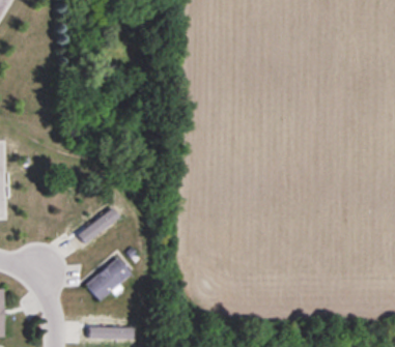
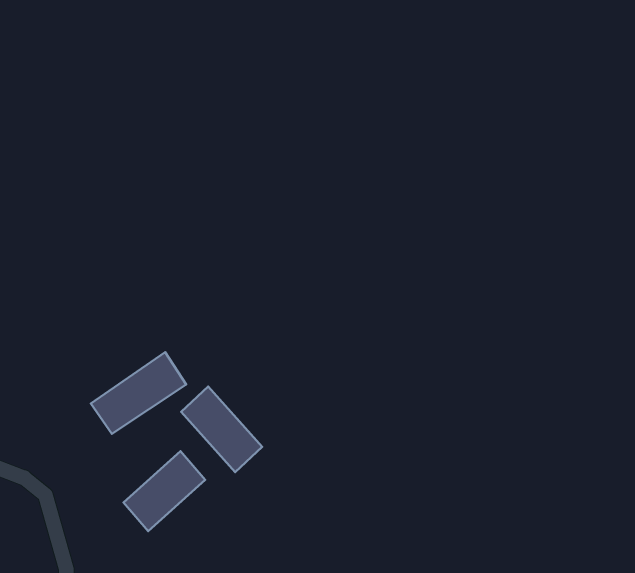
building: none -> [181,387,262,472]

